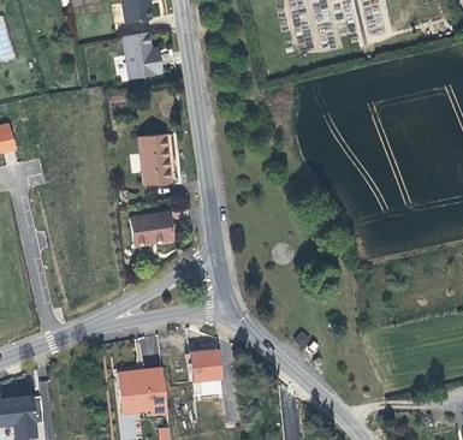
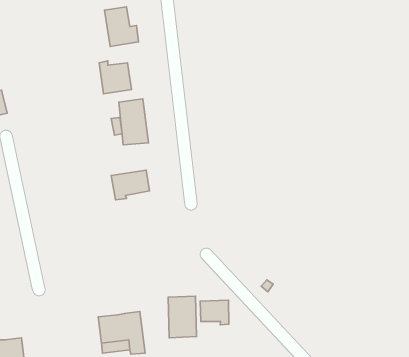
building: none -> [99,61,131,94]
building: none -> [200,300,229,325]

